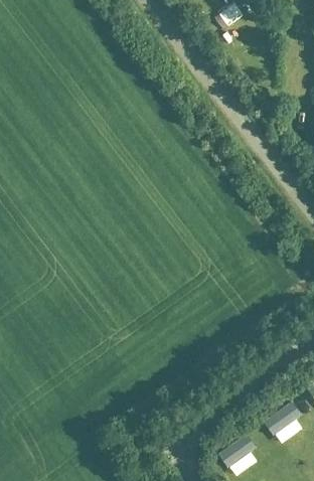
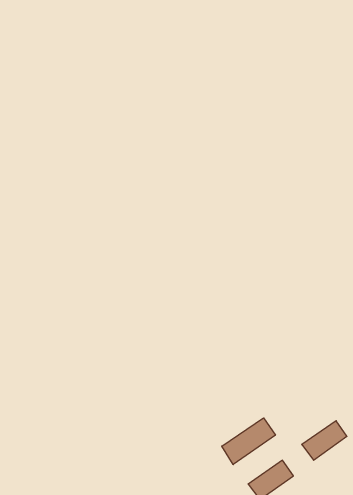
building: none -> [222,418,275,465]

